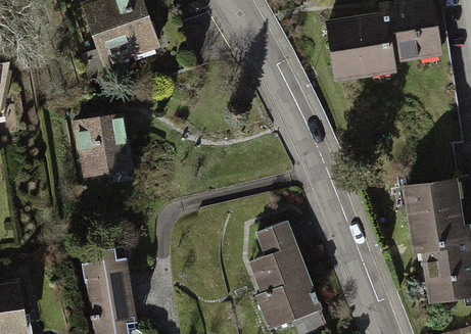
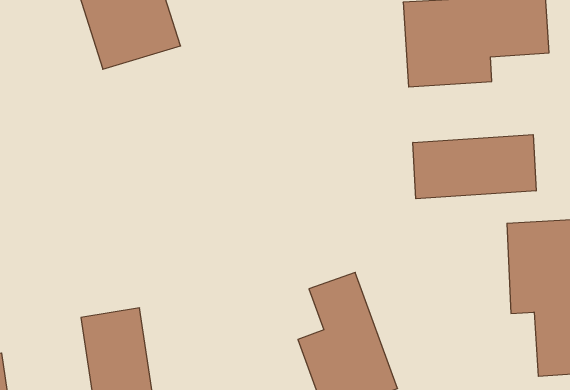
building: none -> [413,135,536,199]
building: [72,118,132,186] -> none

